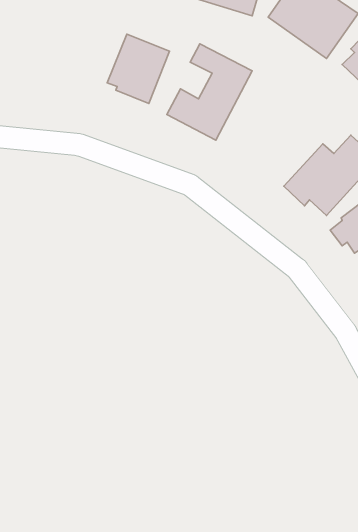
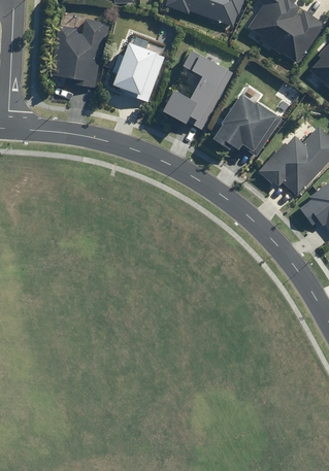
building: none -> [50,19,108,89]
building: none -> [210,91,282,155]

